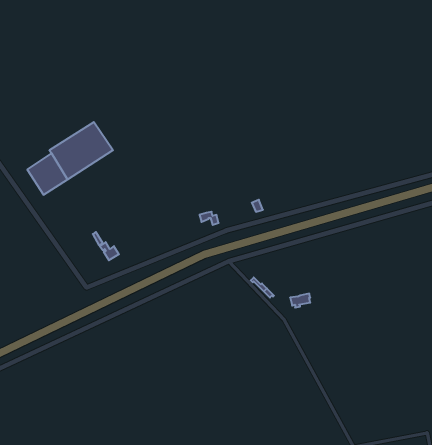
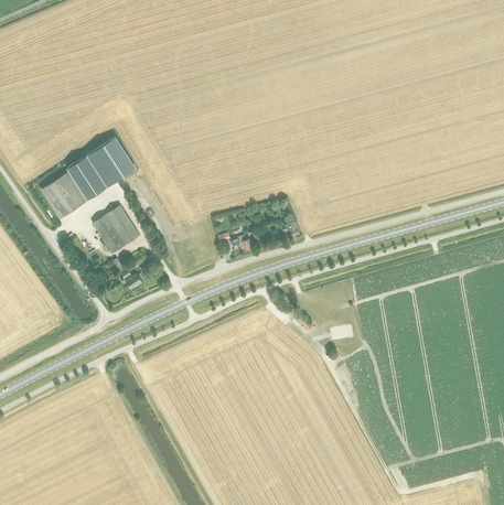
building: none -> [93,205,140,254]

